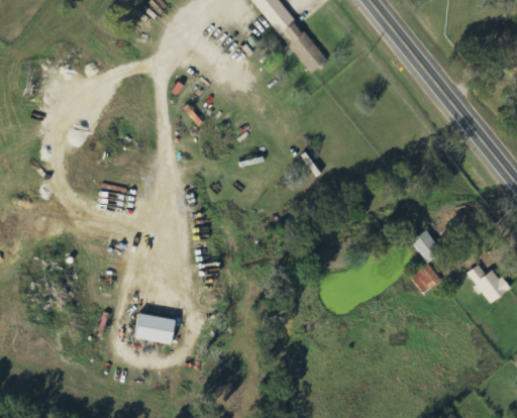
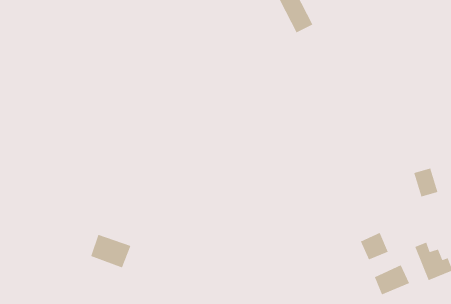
building: [412,230,441,263] -> [413,168,439,197]
building: none -> [374,264,410,296]

